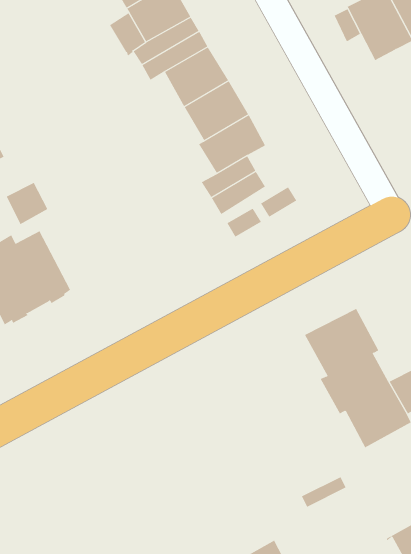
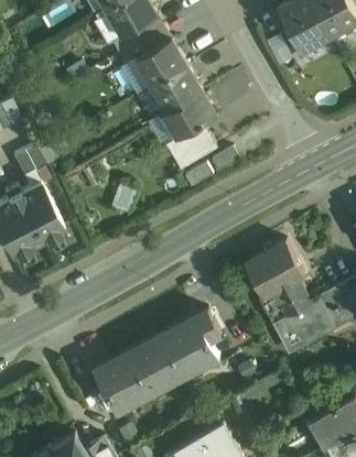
building: none -> [97,309,219,412]

